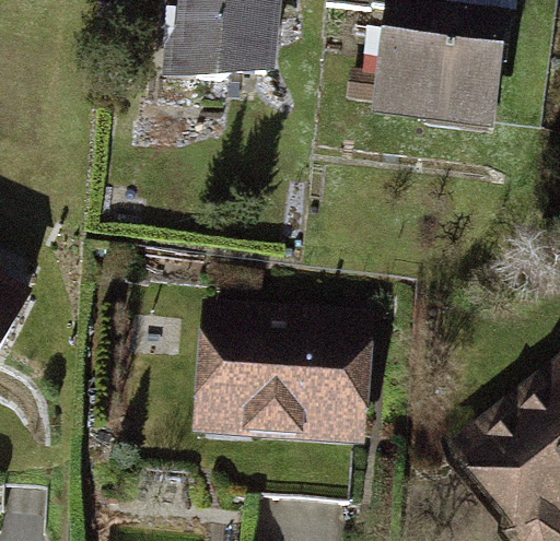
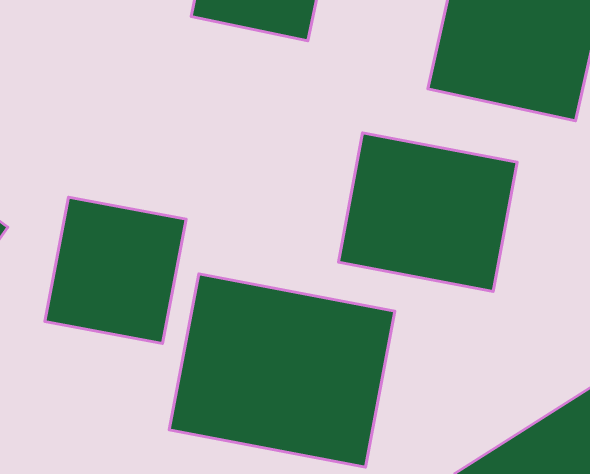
building: none -> [339,133,517,292]
building: none -> [45,197,186,343]

